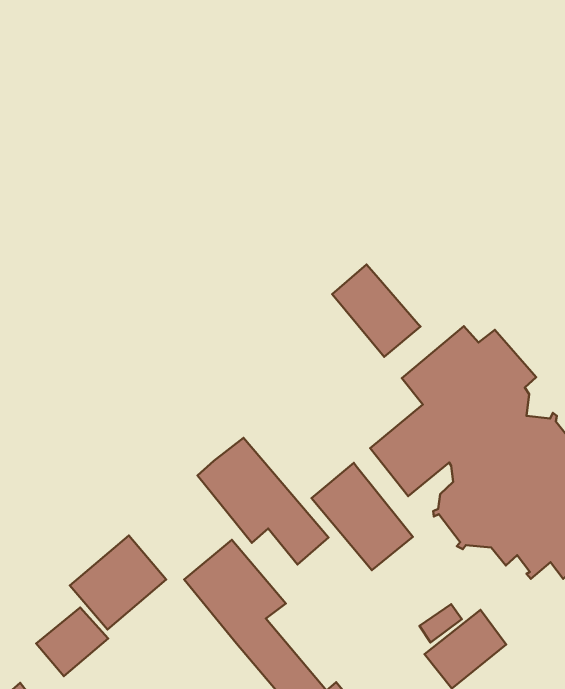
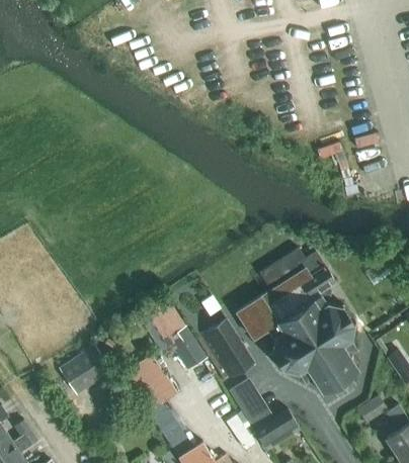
building: [332,265,421,357] -> none
building: none -> [238,378,272,412]
building: [36,607,108,676] -> none

